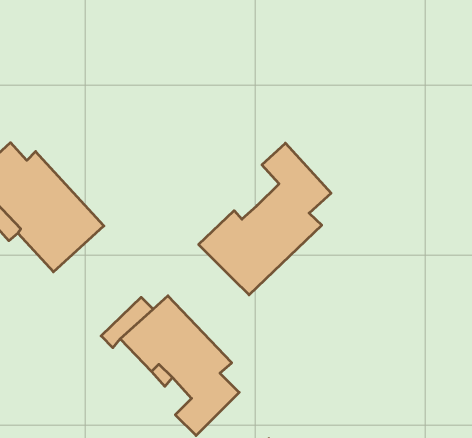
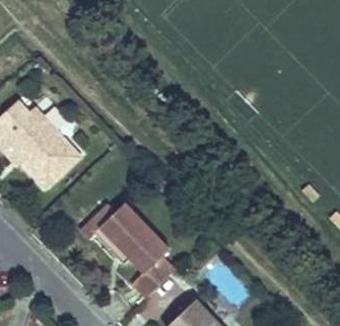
building: [199,143,331,295] -> none

